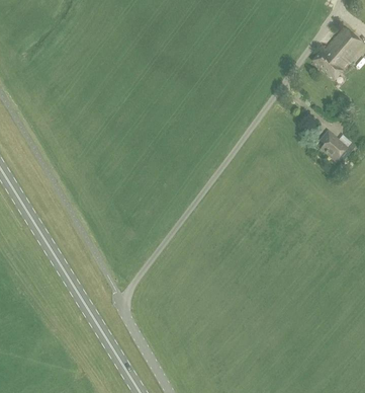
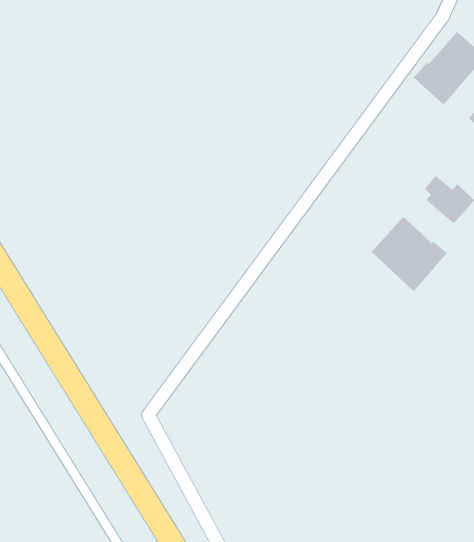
building: none -> [371,216,448,292]

